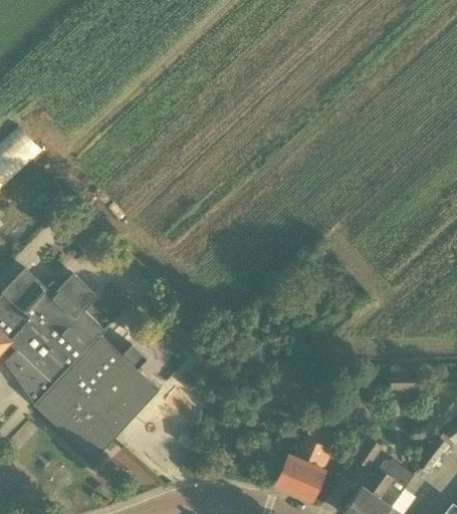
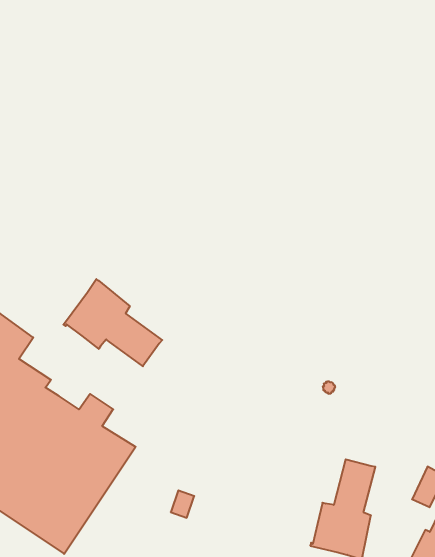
building: none -> [63,279,162,366]

